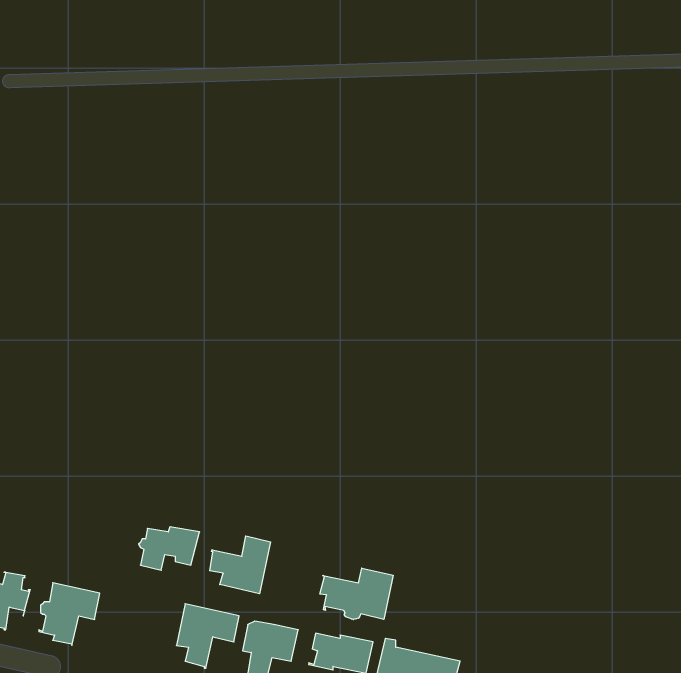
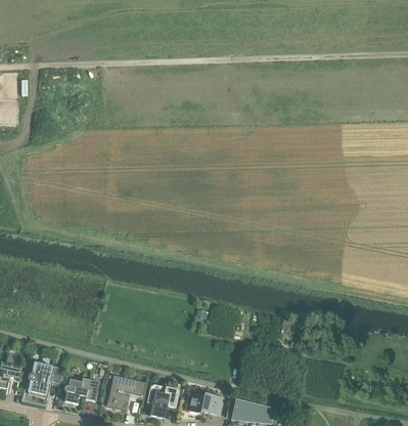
building: [139,527,200,570] -> [63,378,99,403]
building: [210,536,270,594] -> none
building: [320,568,393,620] -> none

